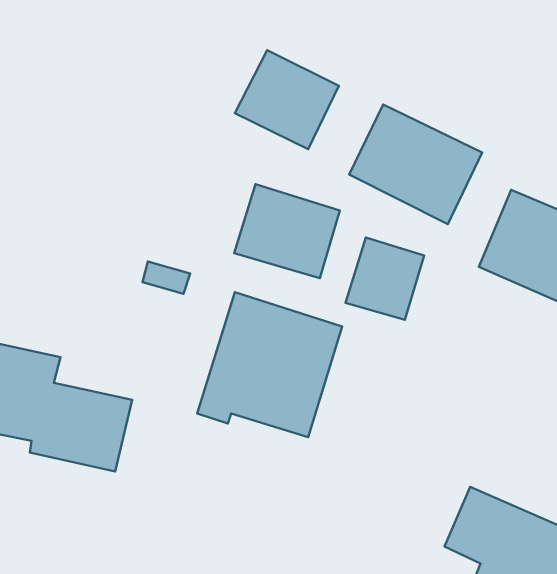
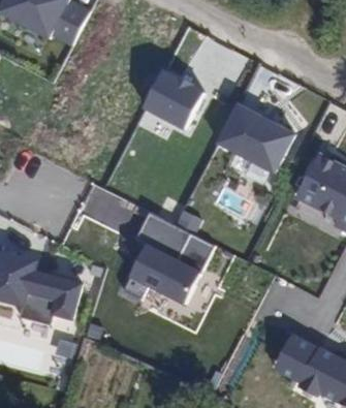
building: [234,184,340,278] -> none
building: [345,237,424,320] -> none

